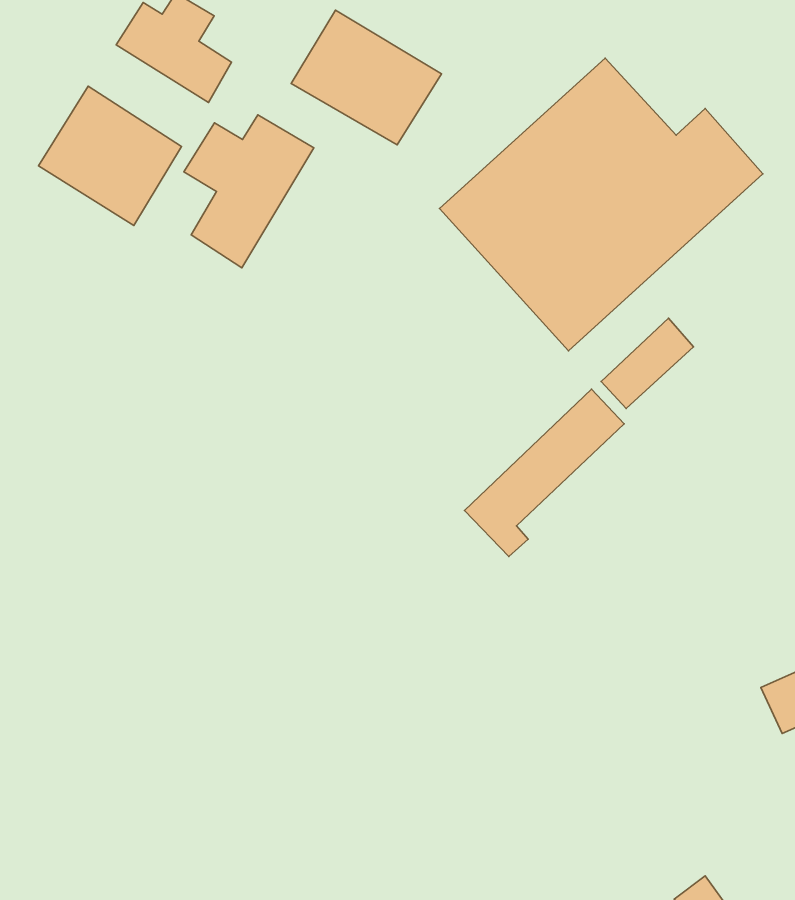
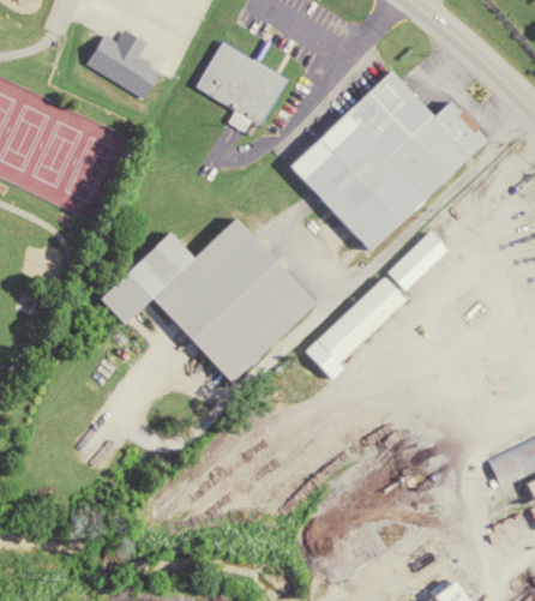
building: [39,86,182,225] -> none
building: [184,115,314,268] -> none
building: none -> [100,217,315,381]

